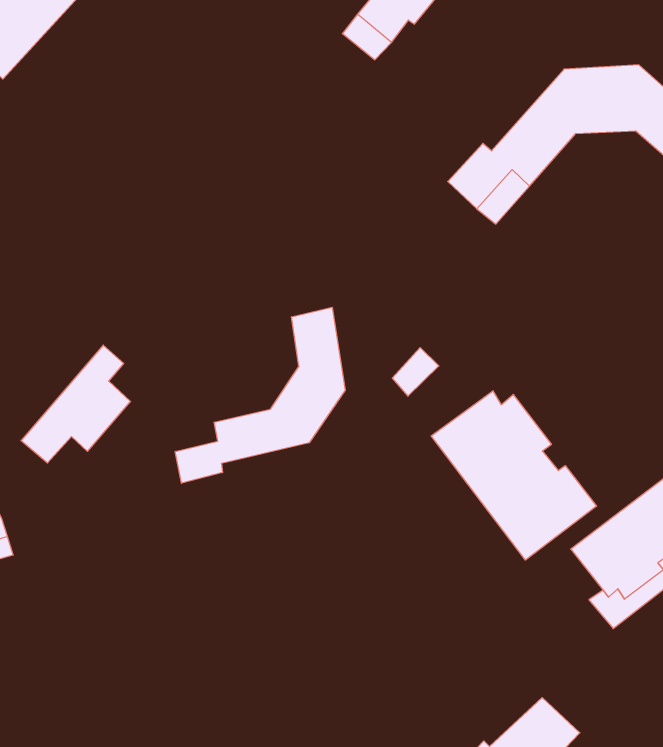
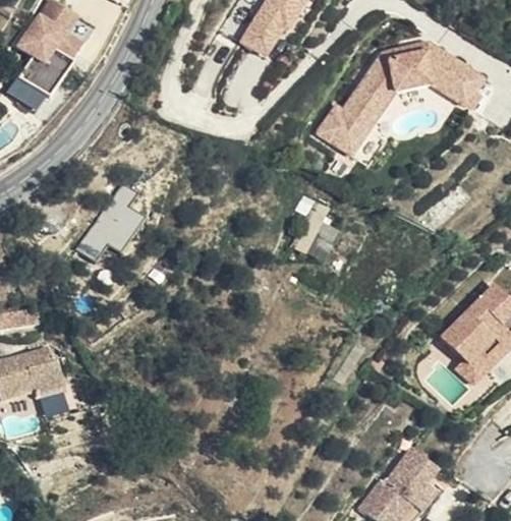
building: [175,307,345,483] -> none
building: [21,345,131,463] -> [78,183,145,262]
building: [431,391,597,560] -> none

